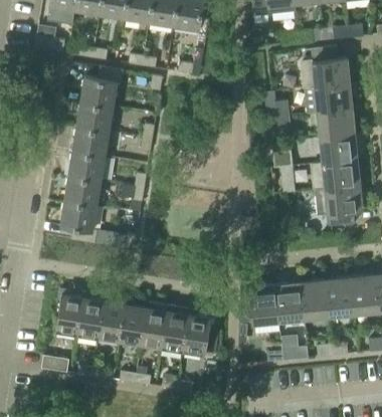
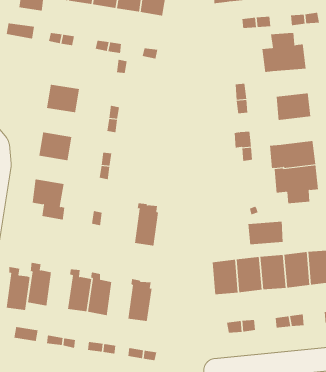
building: [80,67,123,107] -> none
building: [305,85,352,115] -> none
building: [72,127,108,157] -> none
building: [320,136,357,165] -> none
building: [64,177,100,206] -> none
building: none -> [248,221,283,245]
building: [77,291,104,338] -> [6,267,31,311]
building: [141,302,167,348] -> [134,203,159,246]
building: [183,309,209,355] -> none

